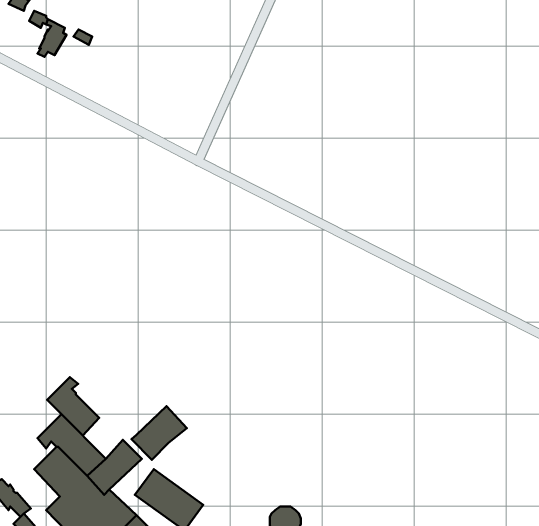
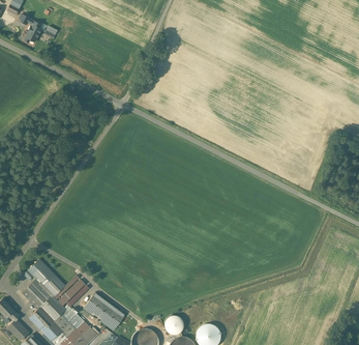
building: [47,377,99,436] -> none
building: [132,406,187,460] -> none

